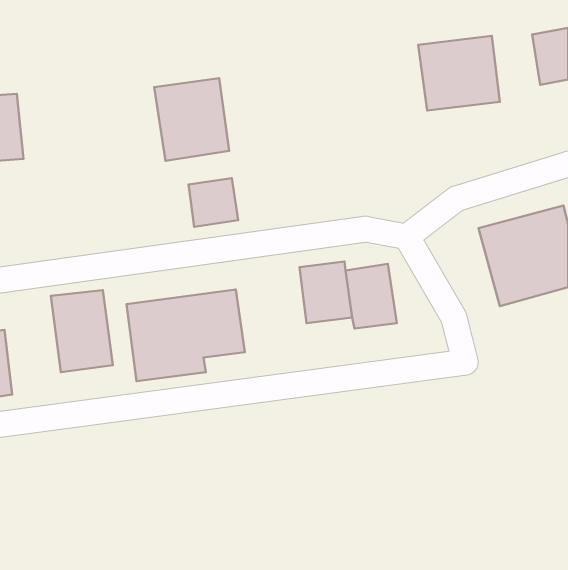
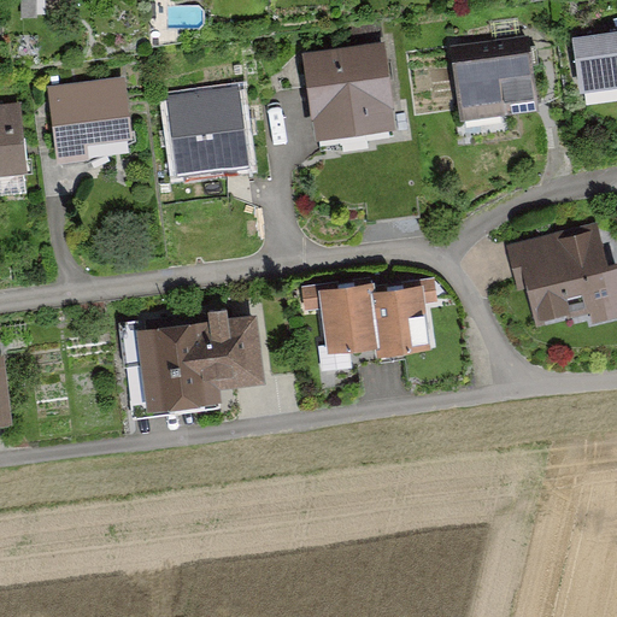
building: none -> [301,40,394,140]
building: none -> [46,80,130,165]
building: [189,178,238,227] -> none
building: [51,290,113,372] -> none

